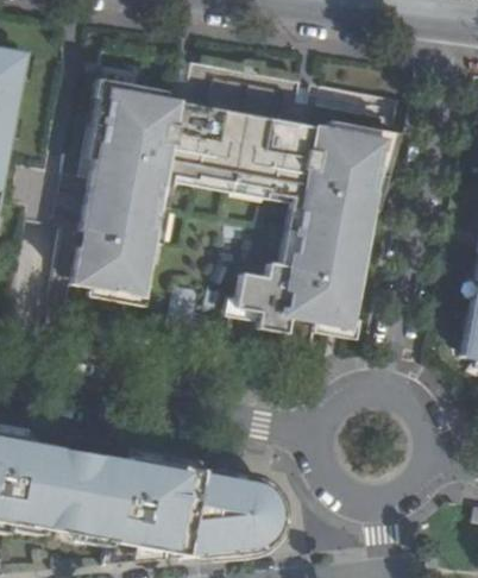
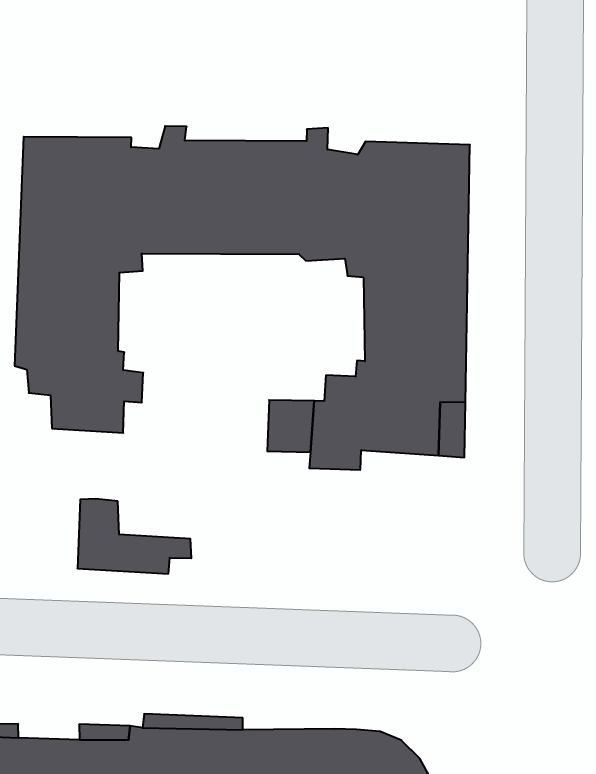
building: [71,243,143,296] -> [77,499,191,574]

